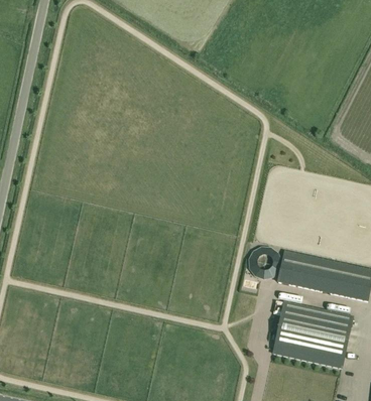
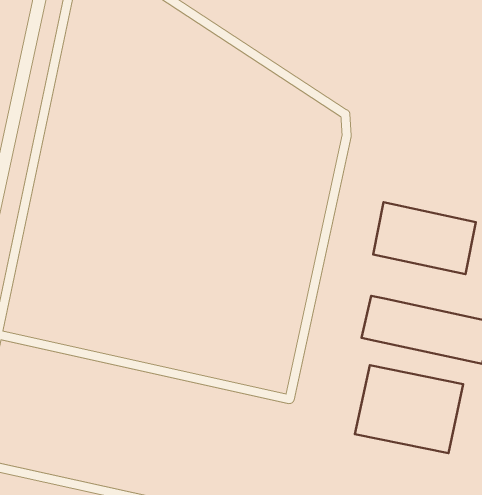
building: none -> [373,202,476,274]

